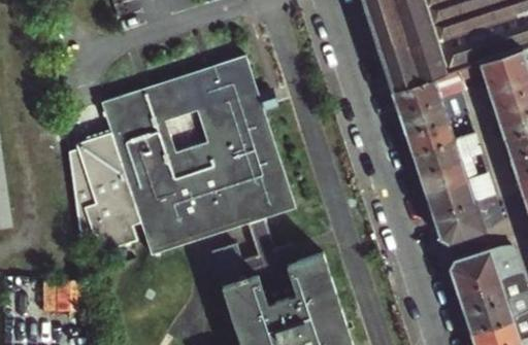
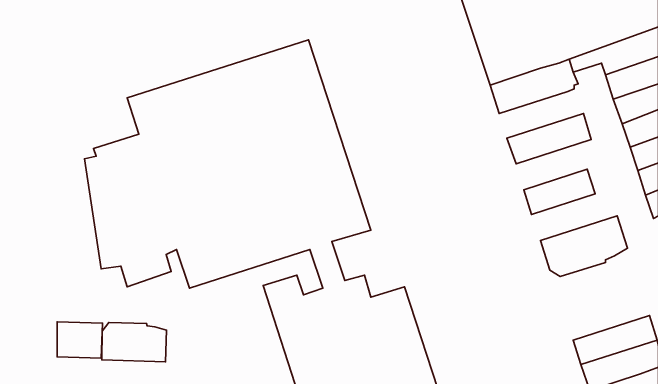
building: [399,95,466,134] -> none
building: [412,135,480,175] -> none
building: [425,175,493,215] -> none
building: [450,248,519,295] -> none
building: none -> [102,323,166,362]

